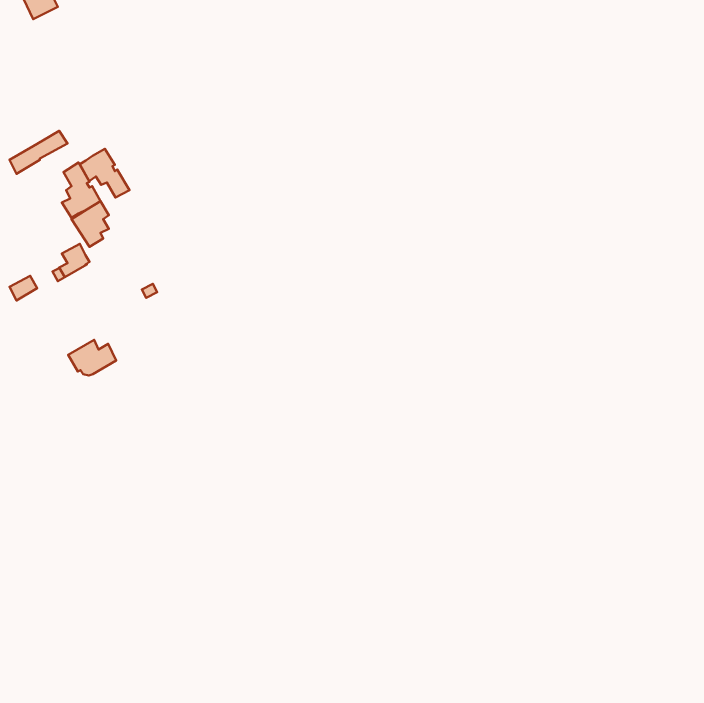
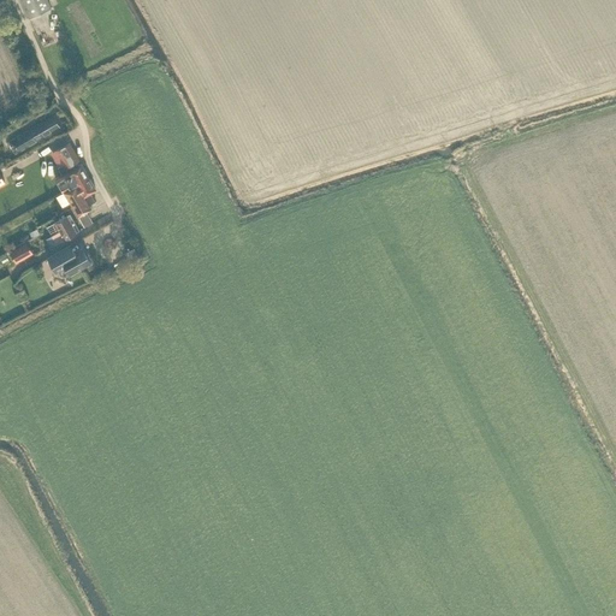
building: [80,149,130,197] -> none
building: [68,340,116,376] -> [47,243,89,274]

